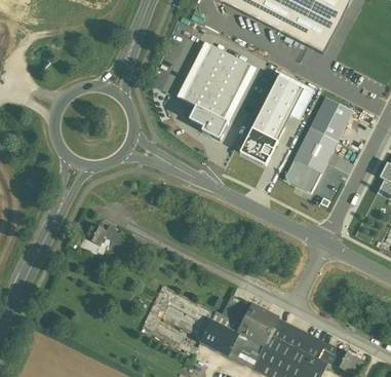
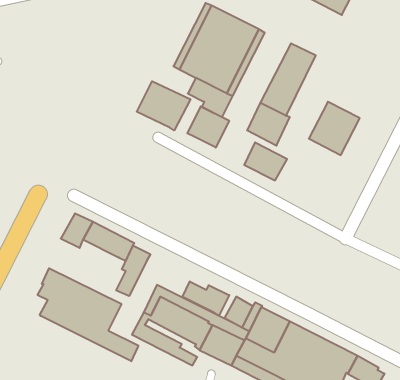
building: [311,96,354,141] -> none
building: none -> [137,81,190,130]
building: none -> [187,106,229,148]
building: [285,158,322,191] -> [244,142,287,180]
building: none -> [116,246,150,296]
building: none -> [38,268,138,361]
building: none -> [183,281,229,316]

